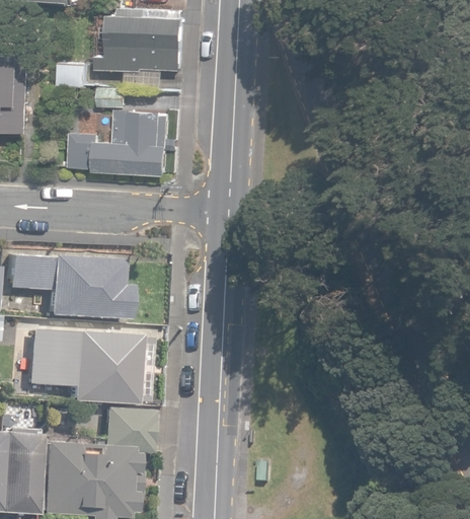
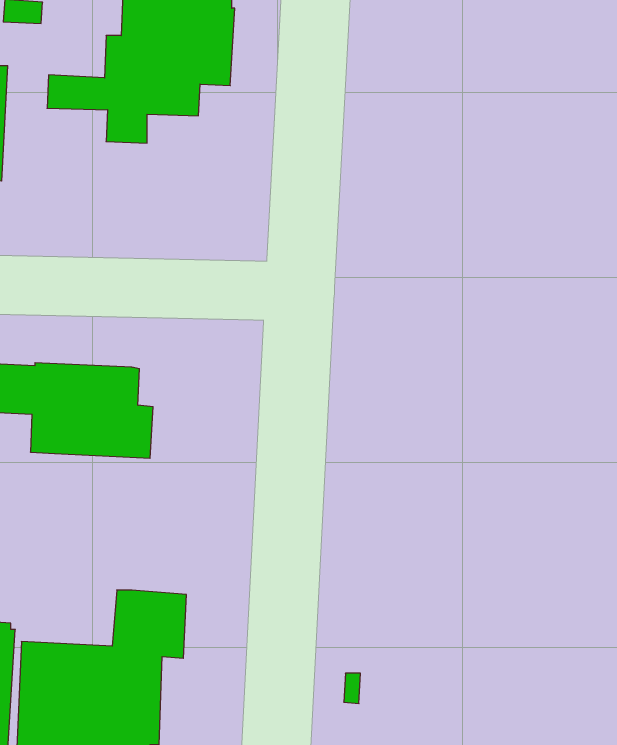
building: [68,109,175,175] -> none
building: [38,329,147,403] -> none

